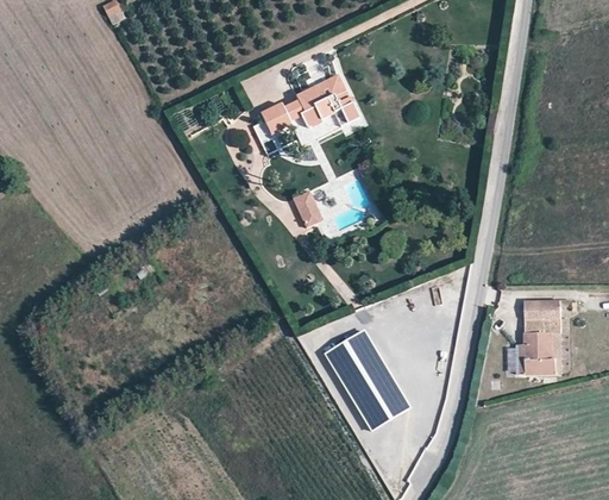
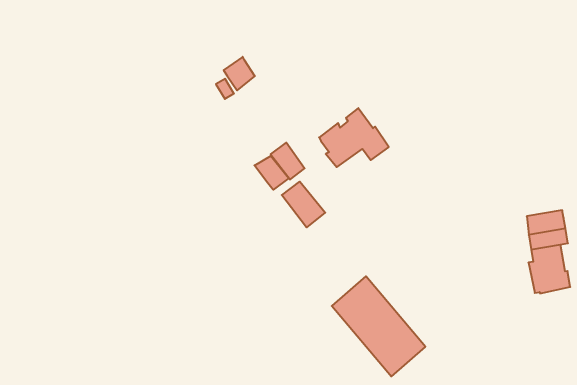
building: [295,75,359,127] -> [319,108,389,167]
building: none -> [254,156,289,190]
building: none -> [282,182,325,227]

